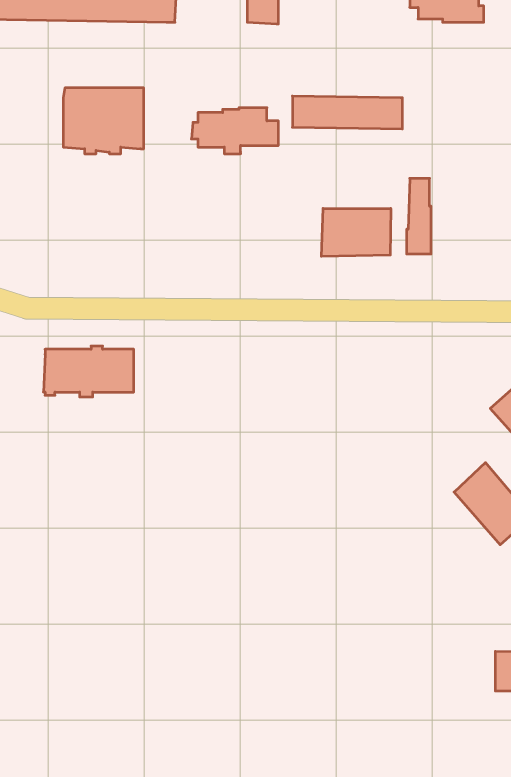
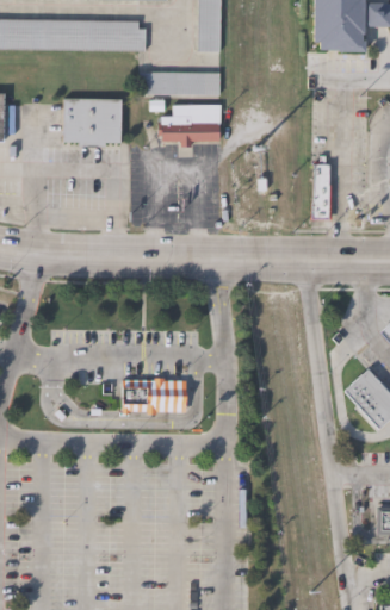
building: [292,96,402,129] -> [141,70,221,94]
building: [321,208,391,256] -> none
building: [43,346,134,397] -> [122,378,187,415]

